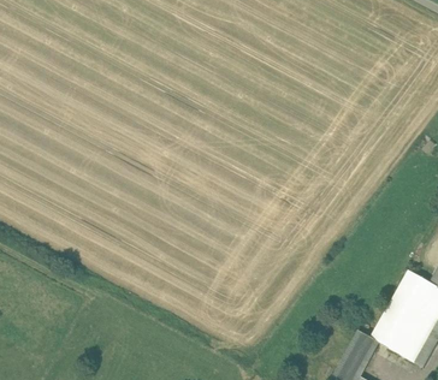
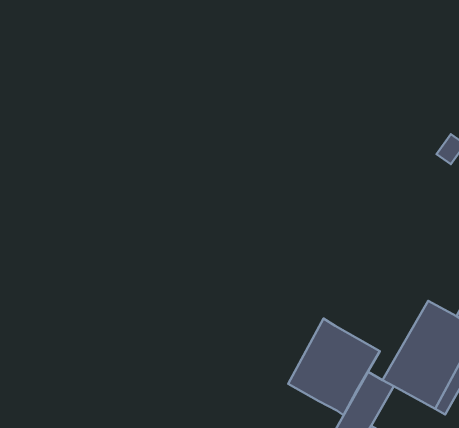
building: none -> [288,319,380,415]

